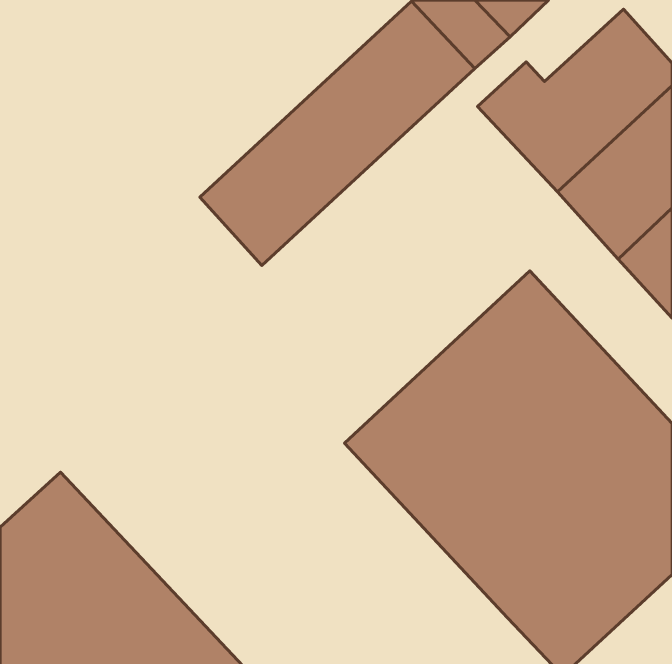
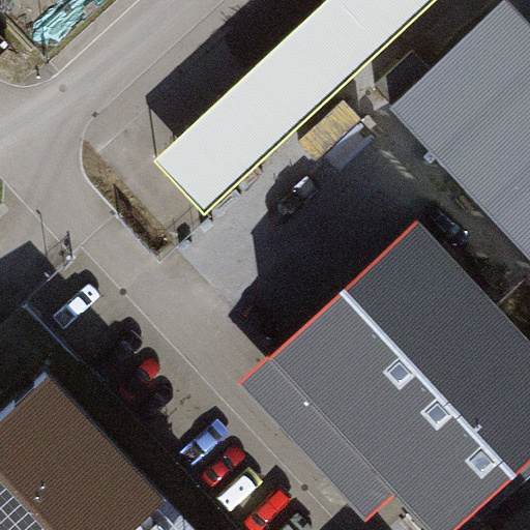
building: none -> [241,355,400,522]

